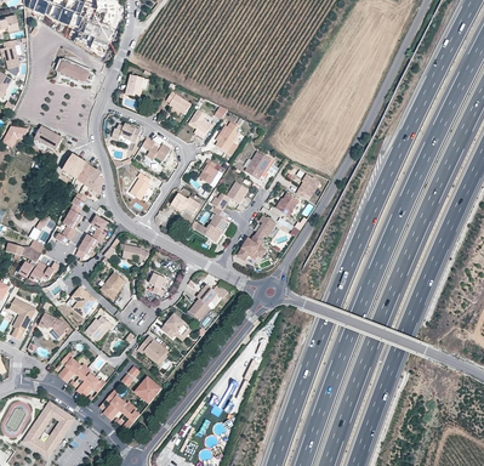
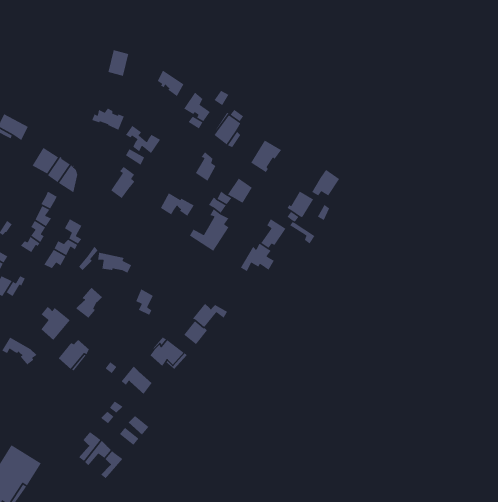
building: [57,59,95,86] -> none
building: [58,354,104,398] -> none

